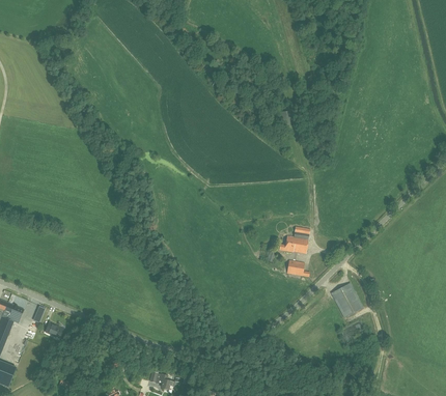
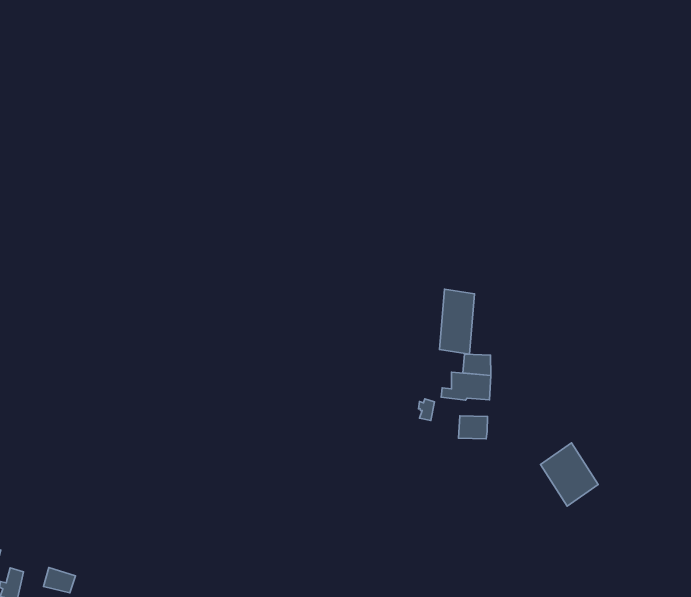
building: none -> [439,289,475,354]

